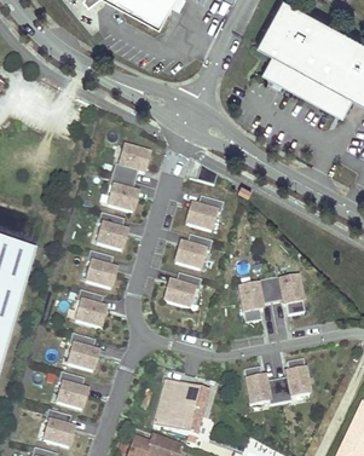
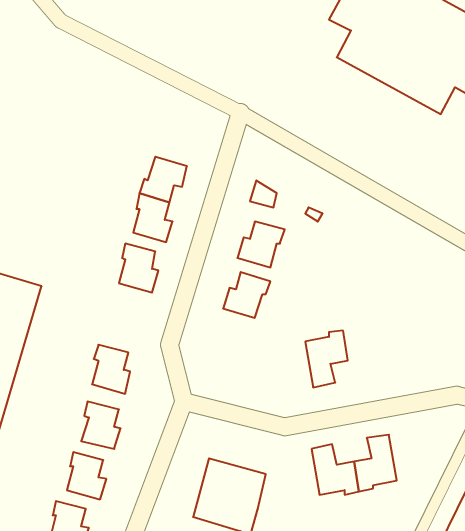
building: [85,255,115,292] -> none
building: [164,277,201,311] -> none
building: [267,281,304,318] -> none

